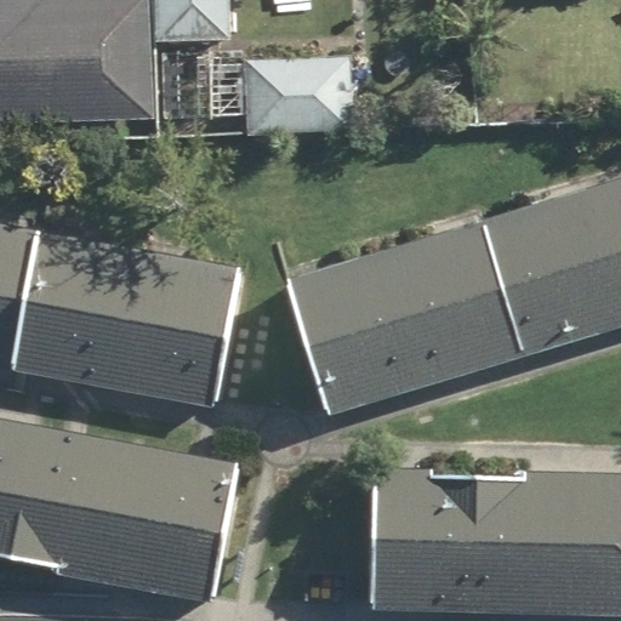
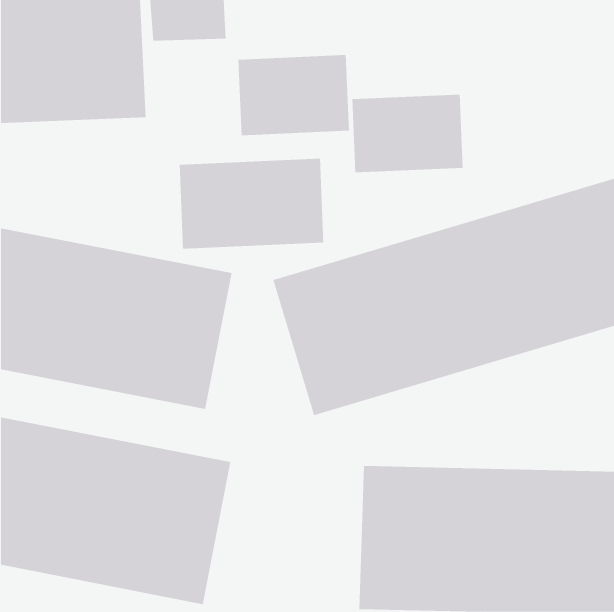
building: none -> [352,94,463,173]
building: none -> [179,158,324,250]

